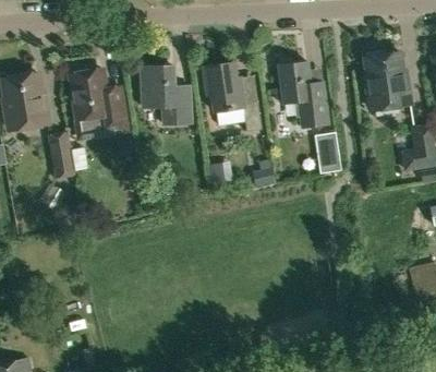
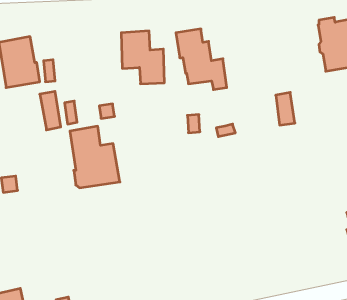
building: [279,61,326,125] -> none
building: [71,68,128,137] -> [70,126,120,188]

